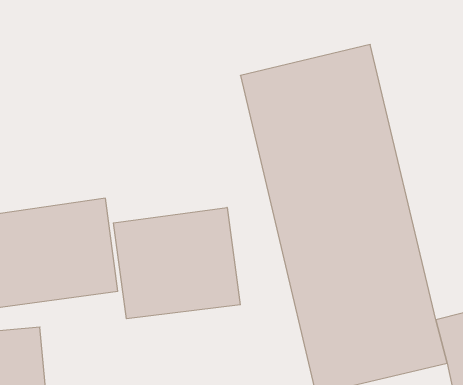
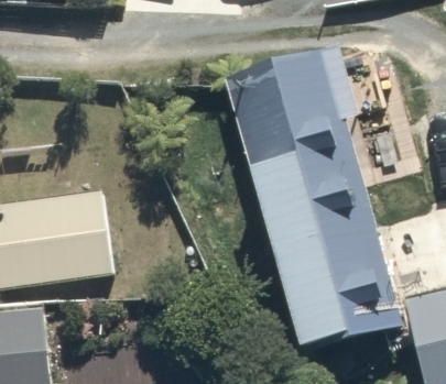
building: [113,207,240,319] -> none

